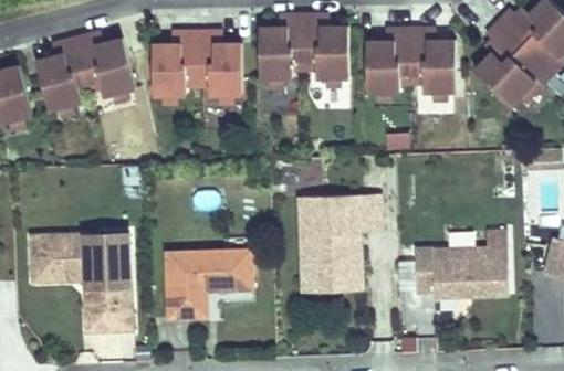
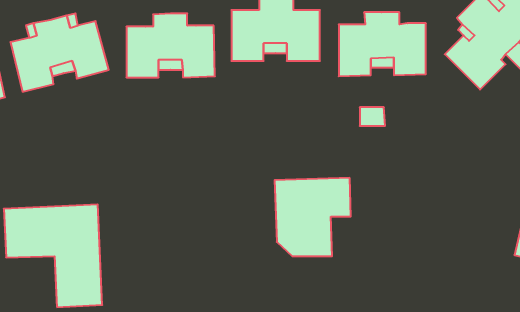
building: [411,239,503,292] -> none
building: [160,248,248,319] -> none
building: [305,263,361,293] -> none

